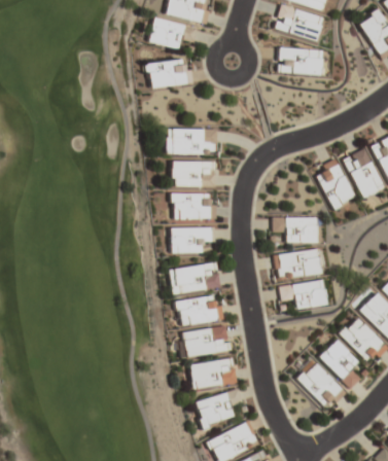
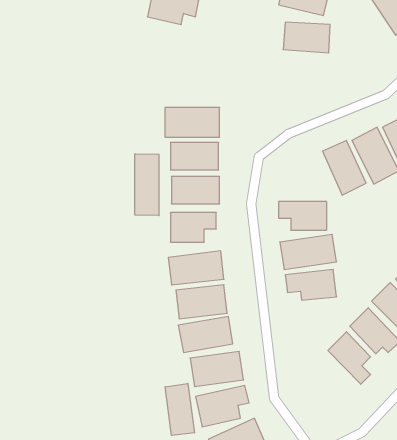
building: [146,59,193,87] -> none
building: none -> [135,154,159,216]
building: [296,359,344,407] -> none
building: none -> [165,383,194,435]

